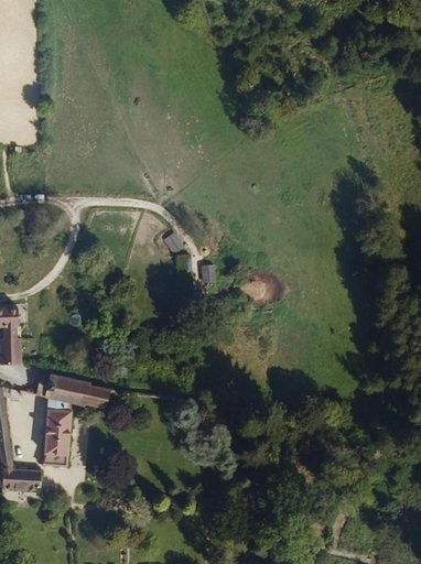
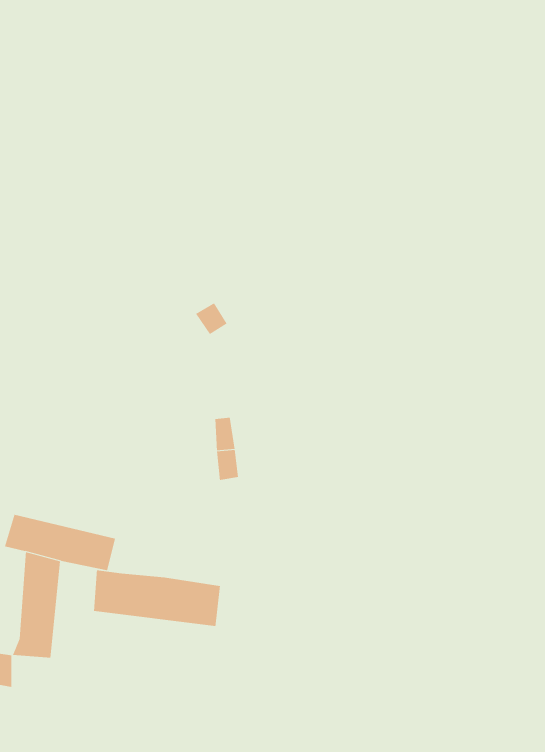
building: none -> [94,569,221,627]

